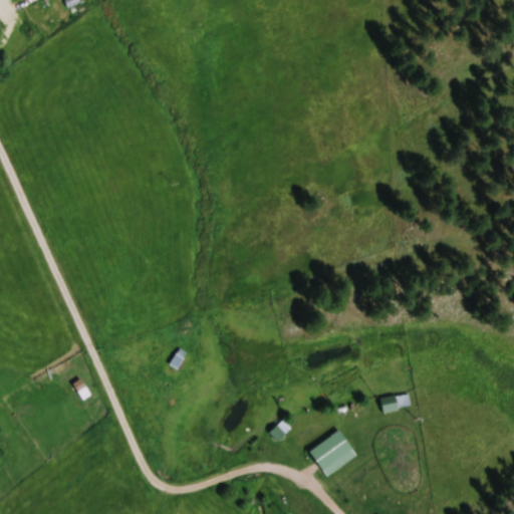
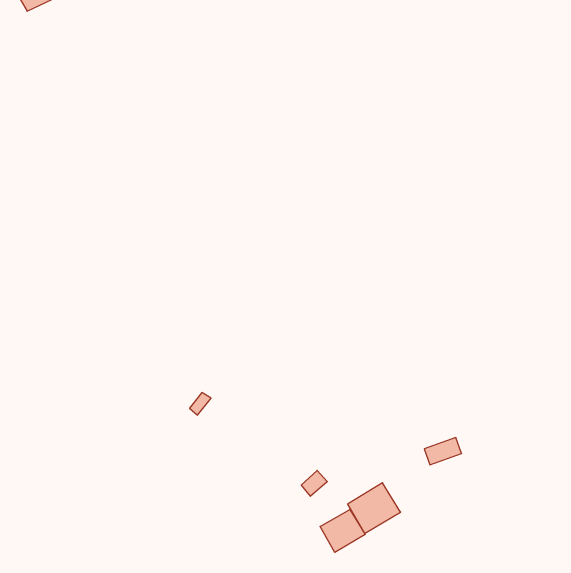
building: none -> [320,509,365,552]

